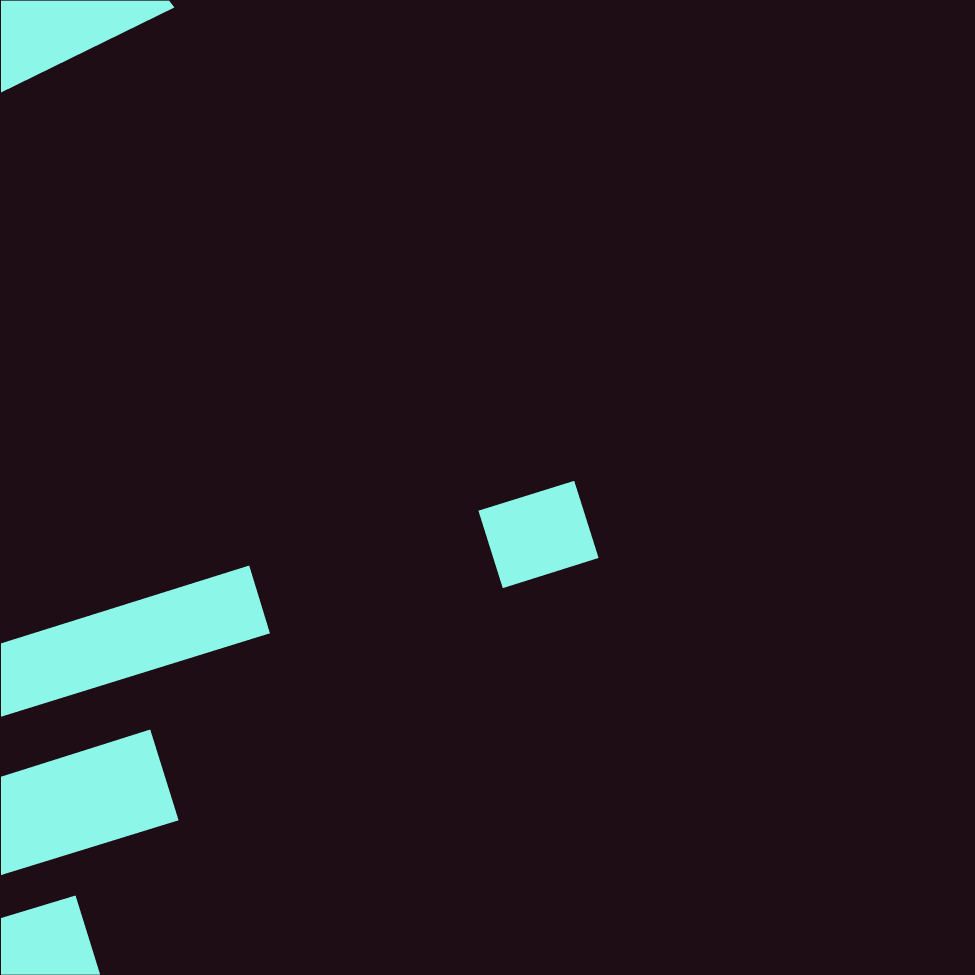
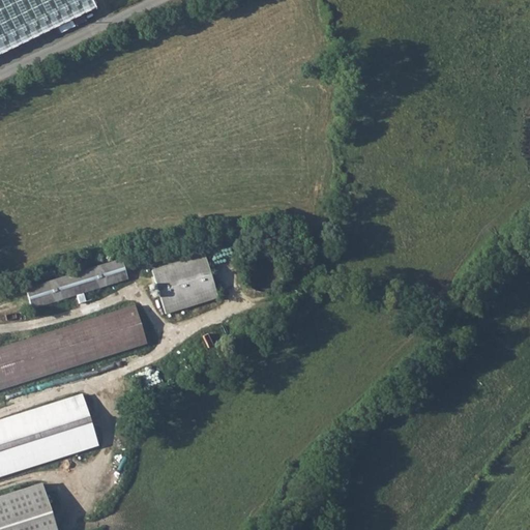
building: none -> [26,260,127,308]
building: [477,480,600,589] -> [151,255,217,314]

